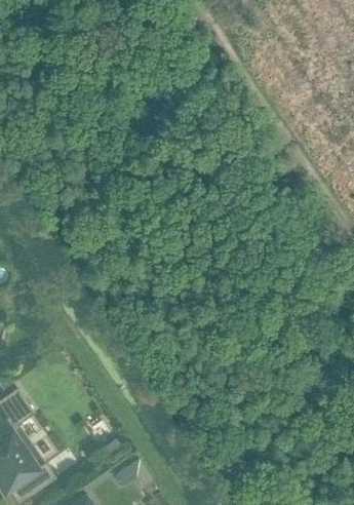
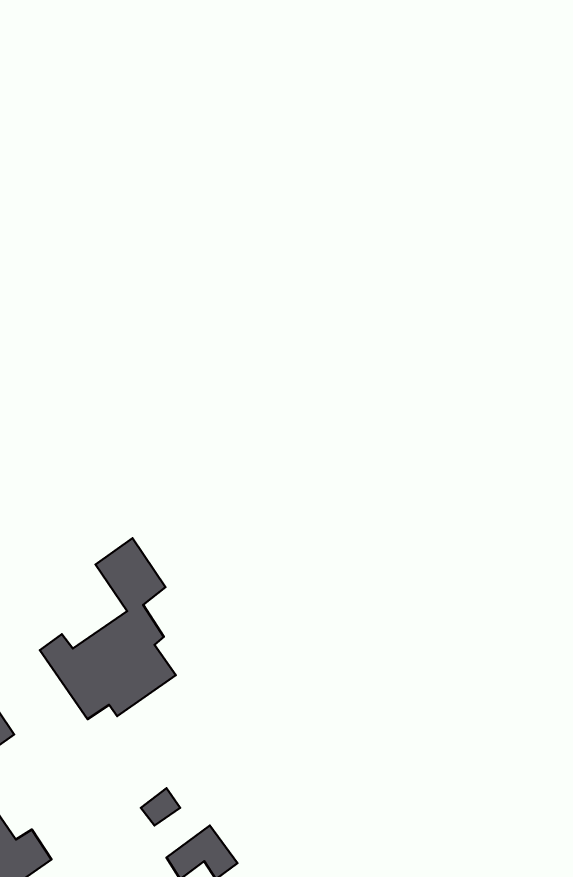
building: none -> [40,538,176,719]

